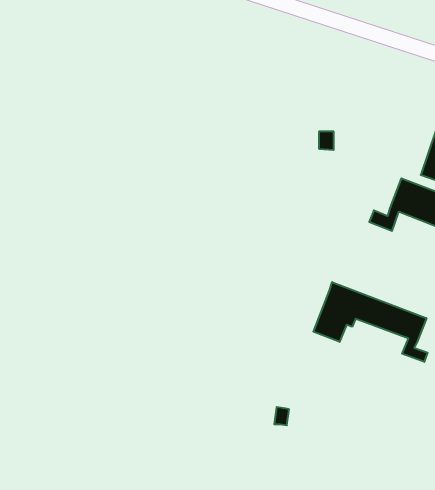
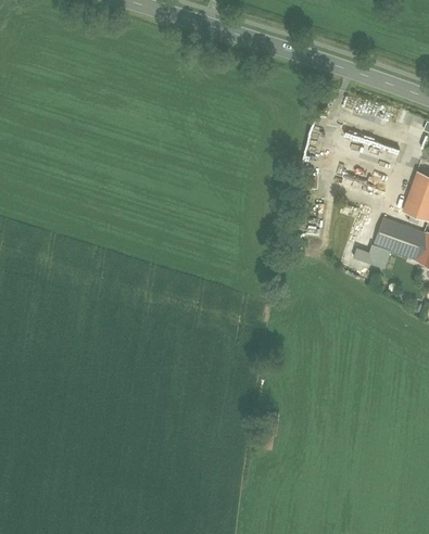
building: [313,282,428,362] -> none

